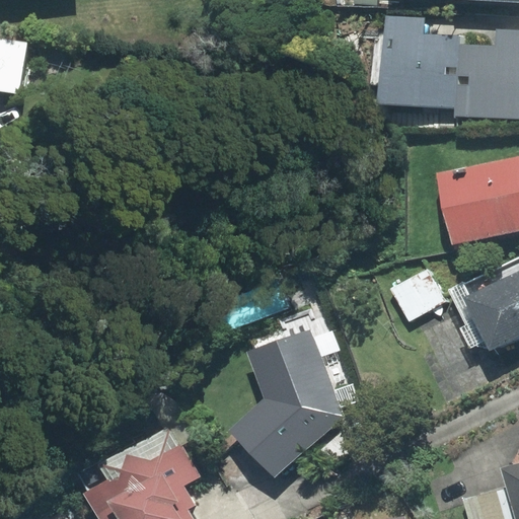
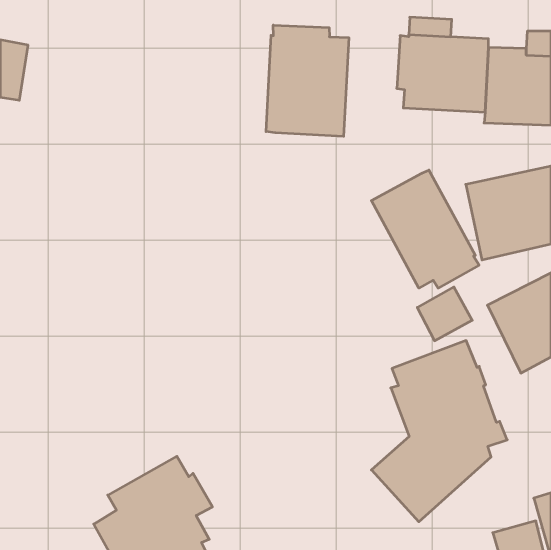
building: none -> [266,25,349,136]
building: none -> [371,170,479,288]
building: [230,309,358,479] -> [371,341,507,522]

